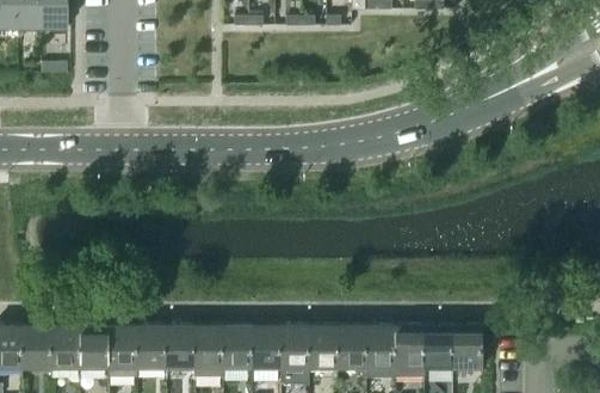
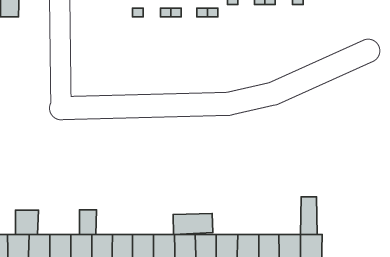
building: none -> [300,197,317,235]
building: none -> [80,210,96,235]
building: none -> [15,210,39,235]
building: none -> [173,214,213,235]

